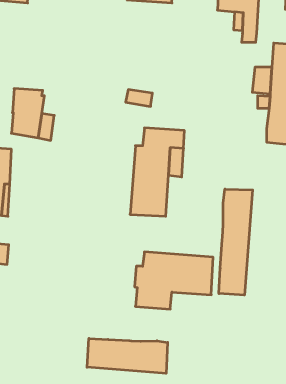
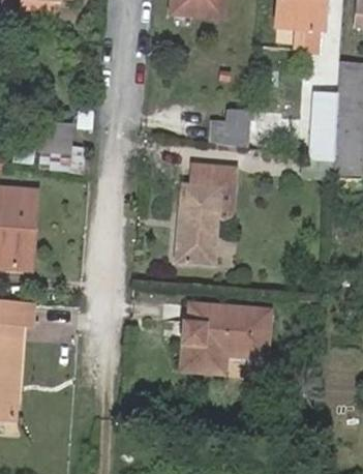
building: none -> [210,108,252,150]
building: [219,189,253,295] -> none
building: [87,338,168,373] -> none

